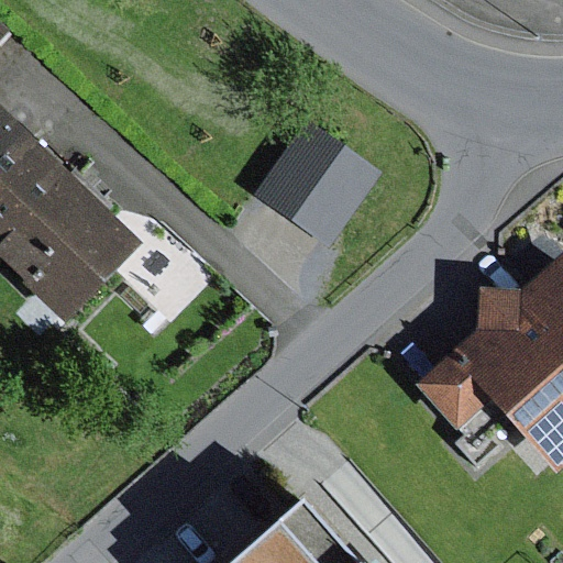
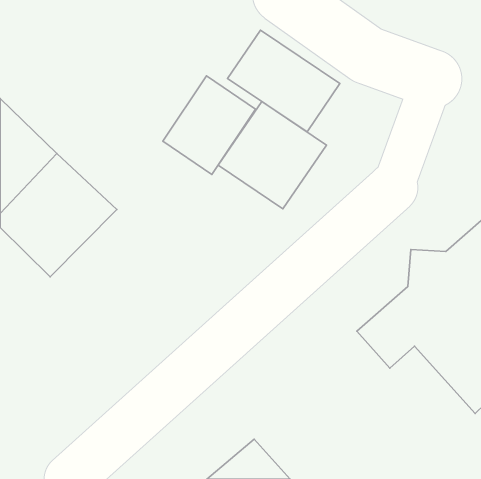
building: none -> [228,30,340,132]
building: none -> [163,76,256,174]

